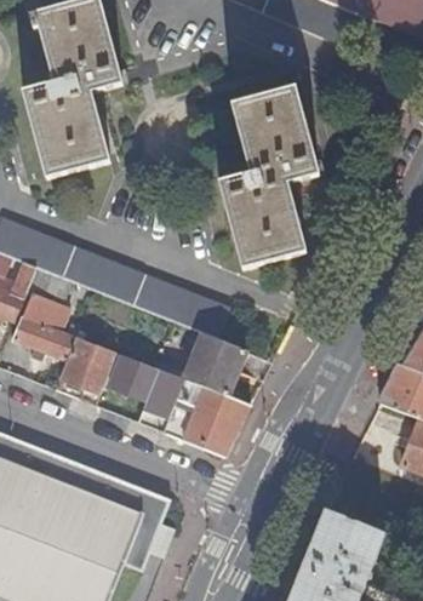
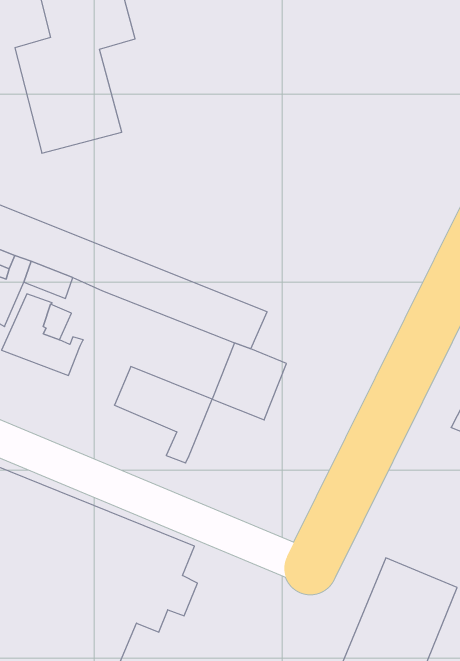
building: [219,87,319,269] -> none
building: [59,336,118,405] -> none
building: [162,379,248,456] -> none

